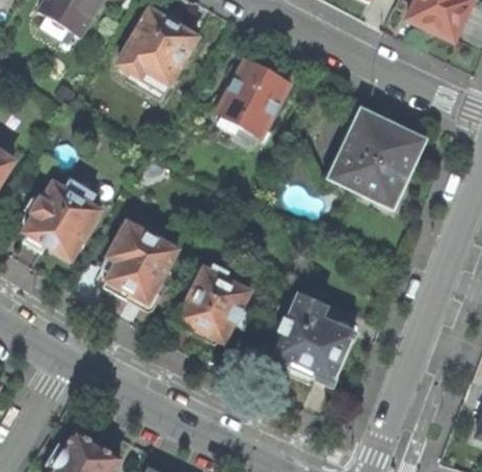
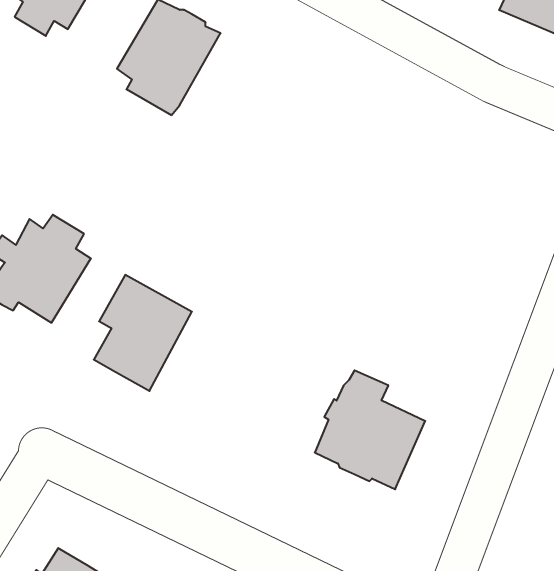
building: [217,56,289,145] -> none
building: [332,110,417,201] -> none
building: [176,263,249,341] -> none

